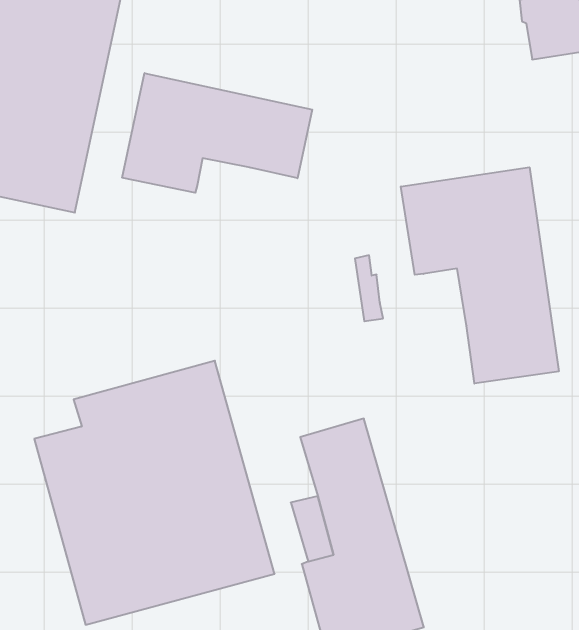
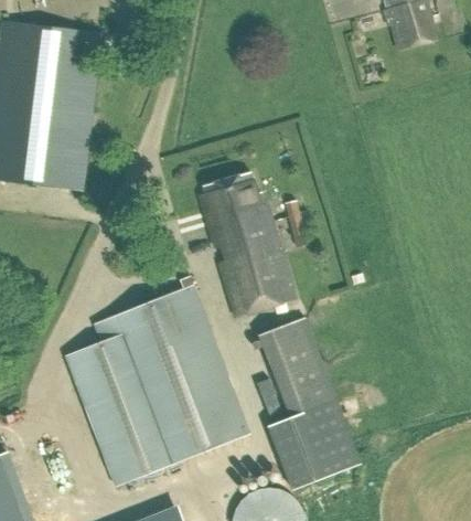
building: [122,73,312,193] -> none
building: [401,167,559,384] -> none
building: none -> [199,171,293,315]

